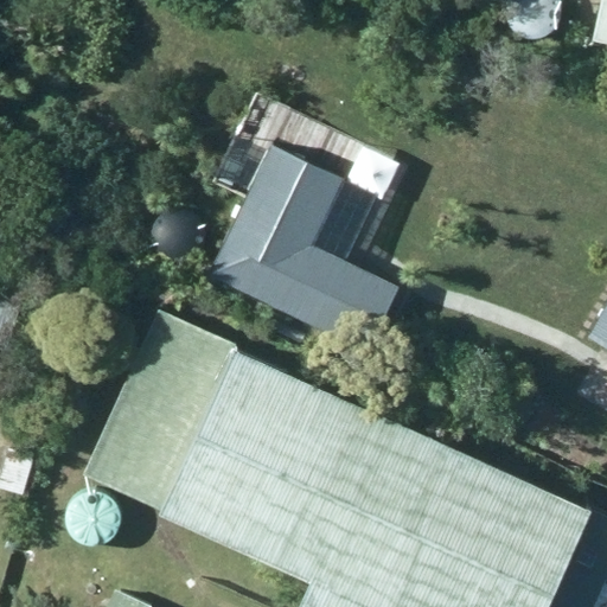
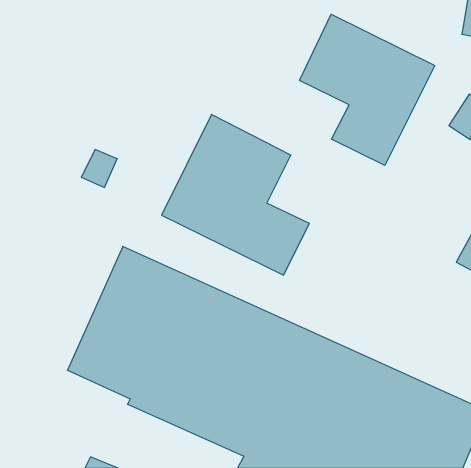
building: none -> [300,14,435,165]

